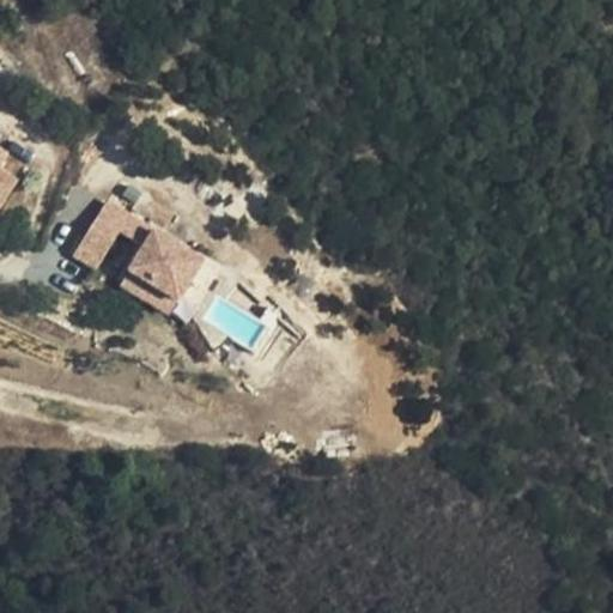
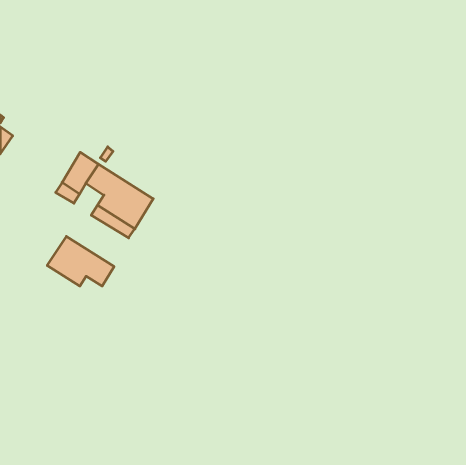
building: none -> [47,236,114,286]

